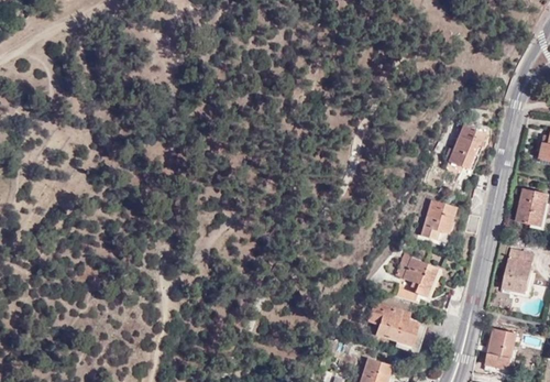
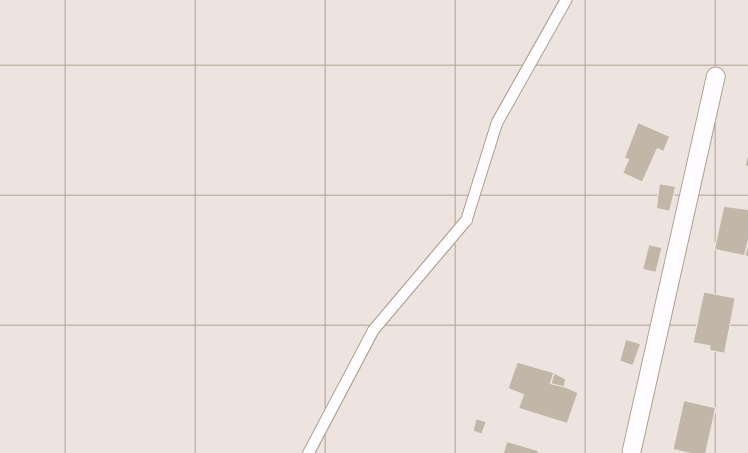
building: [420,201,454,242] -> none
building: [395,253,437,297] -> none

